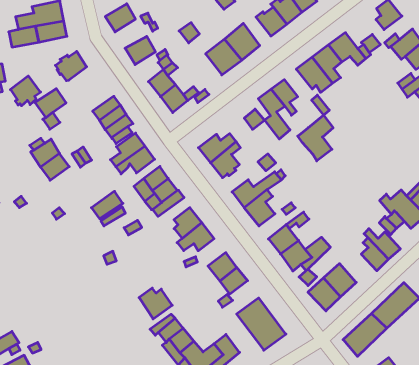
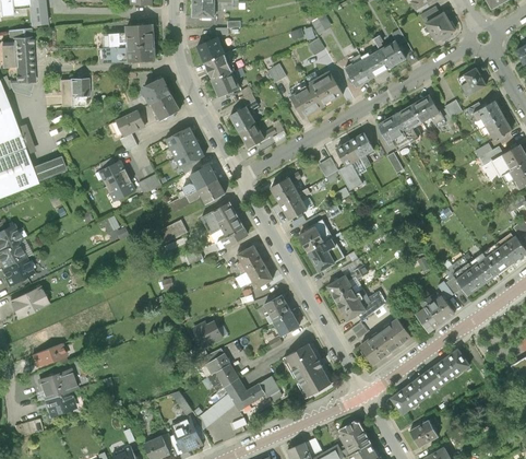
building: none -> [203,51,234,79]
building: [10,76,41,106] -> [151,92,180,120]
building: [298,115,333,161] -> none

